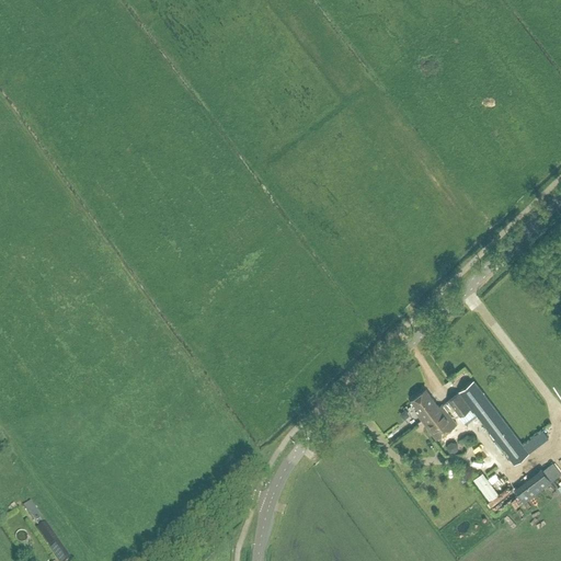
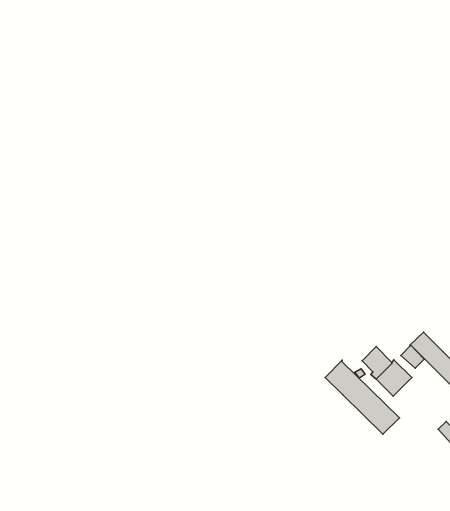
building: none -> [325,360,399,434]

